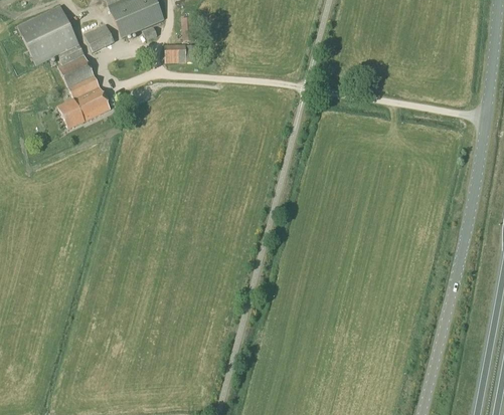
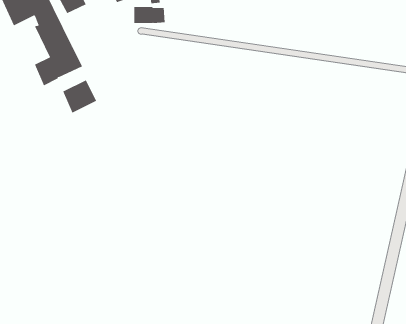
building: none -> [62,80,97,114]

